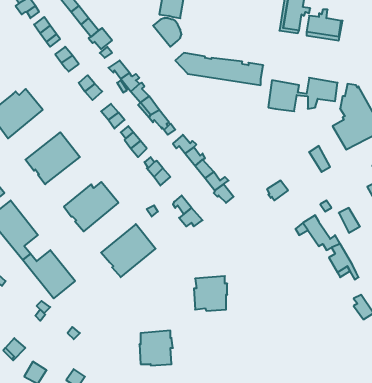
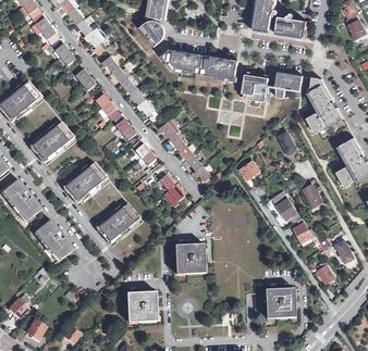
building: none -> [267,290,296,319]

